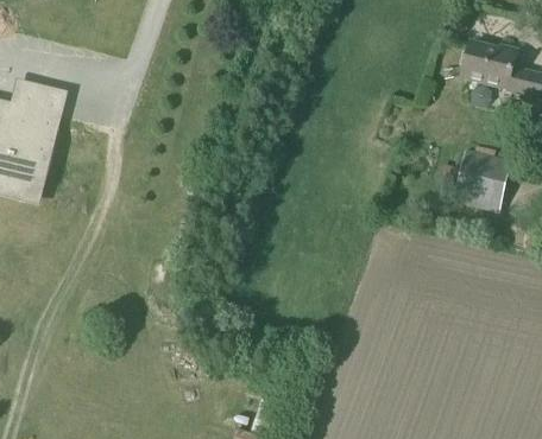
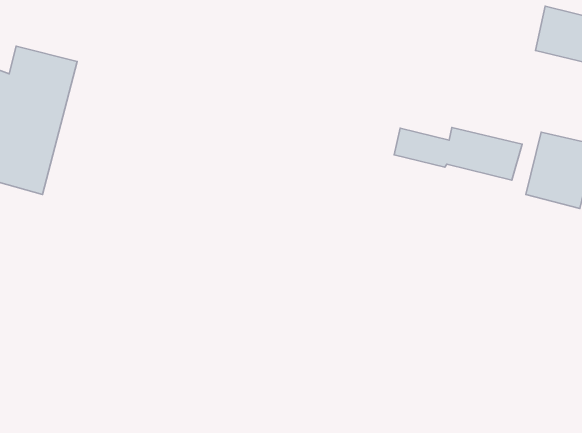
building: none -> [394,127,522,180]

